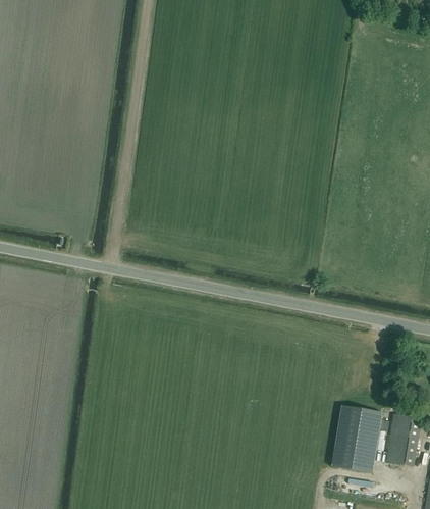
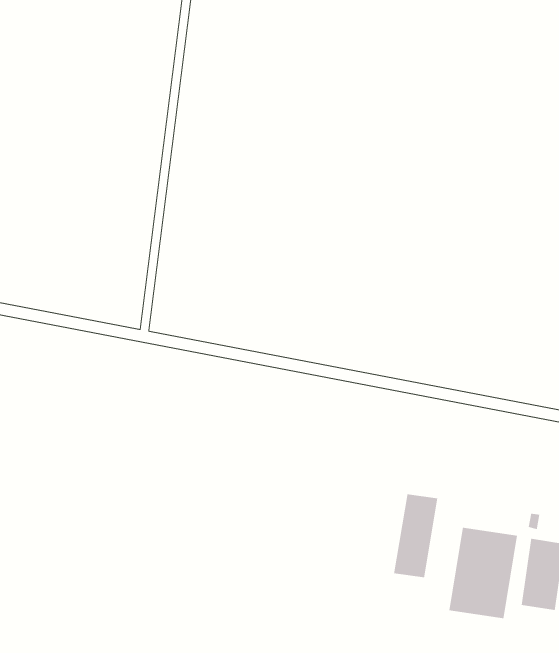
building: none -> [394,493,438,578]

